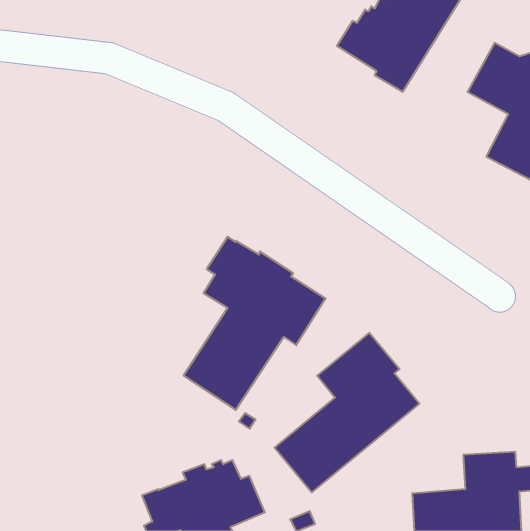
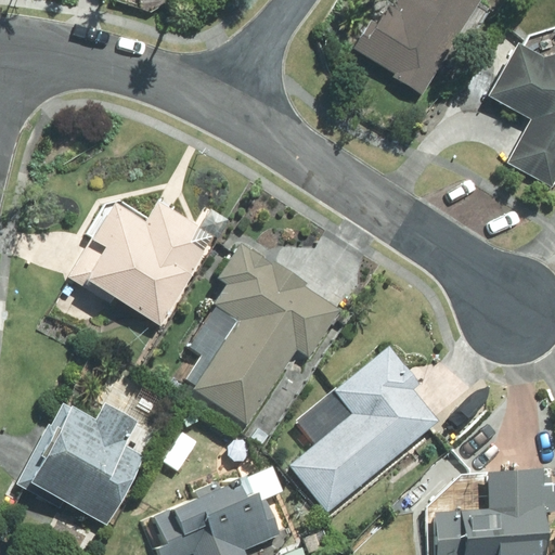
building: none -> [68,202,214,327]
building: none -> [16,403,145,527]

